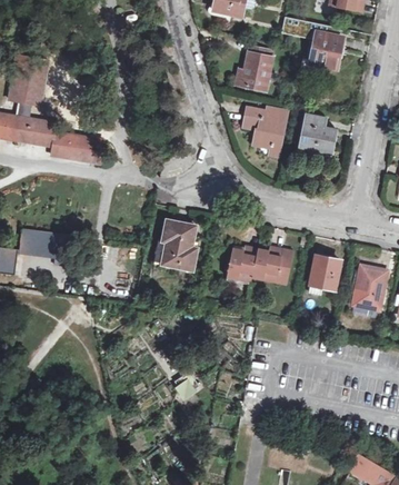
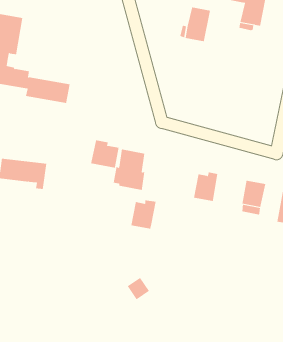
building: [243,107,287,156] -> none
building: [299,115,336,152] -> none
building: none -> [91,139,119,169]
building: [227,246,258,281] -> [131,200,156,229]

